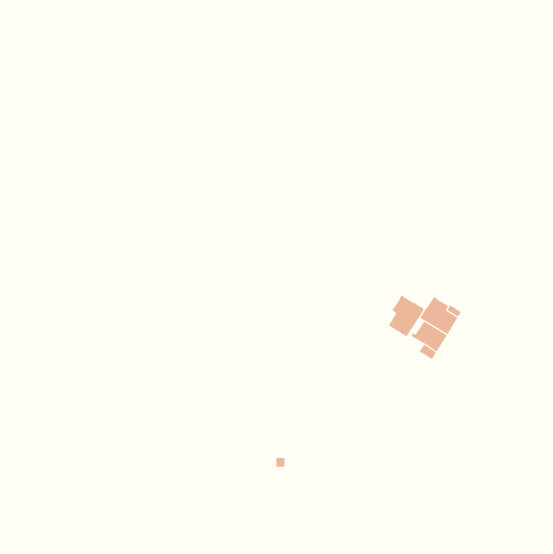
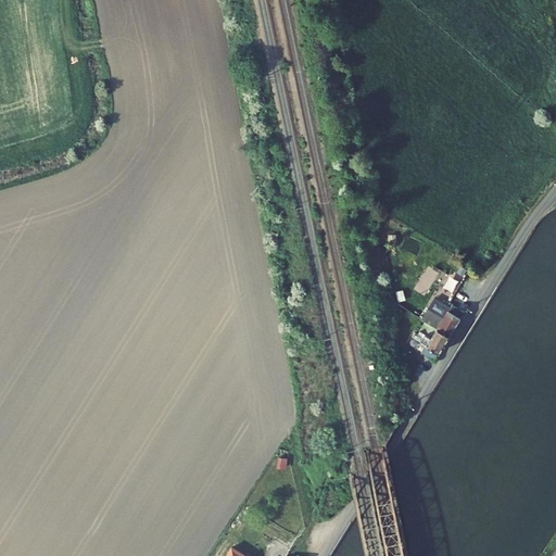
building: [388,295,425,337] -> none

